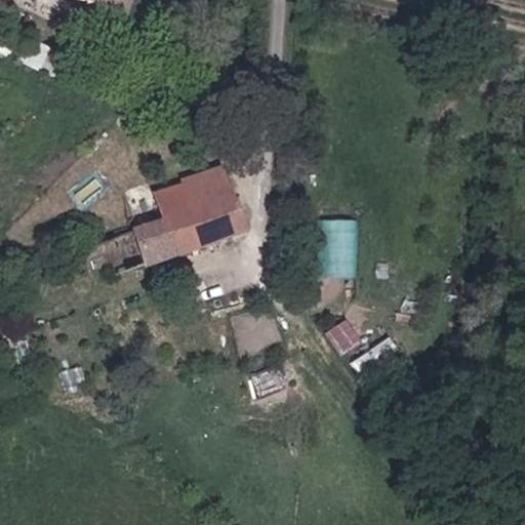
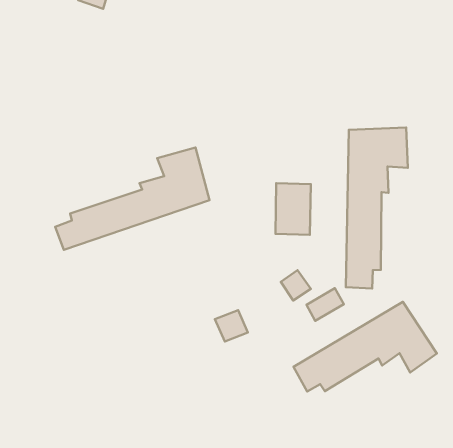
building: none -> [346,127,408,289]
building: none -> [294,302,437,391]

